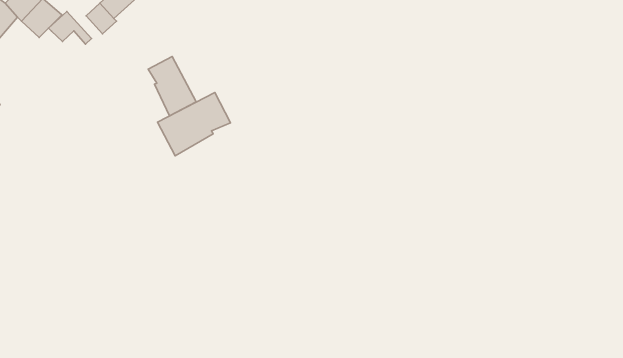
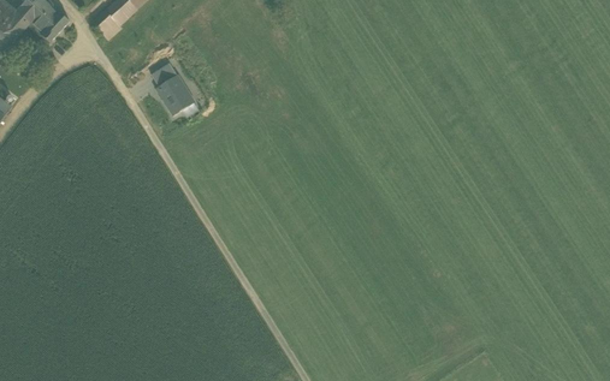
building: [49,12,92,44] -> none
building: [158,92,231,156] -> none

